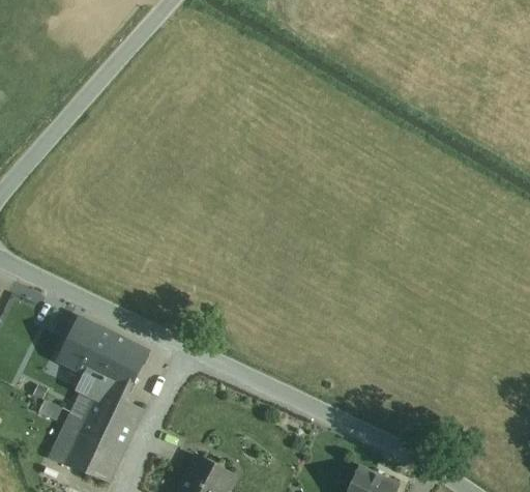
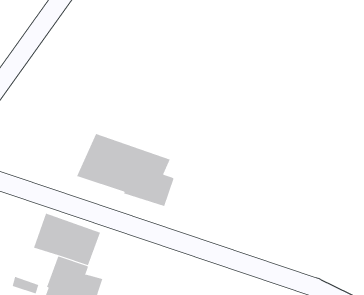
building: none -> [76,133,174,207]

